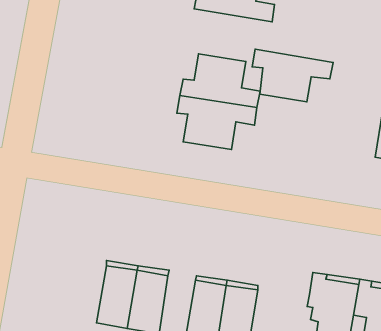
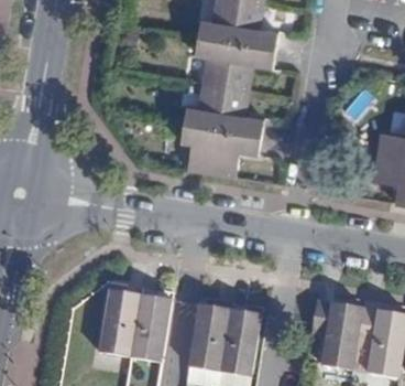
building: [252,49,333,102] -> [194,35,275,88]

